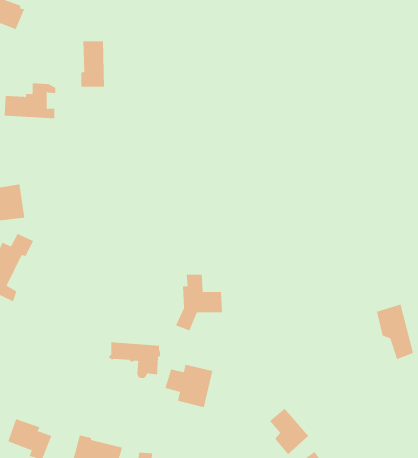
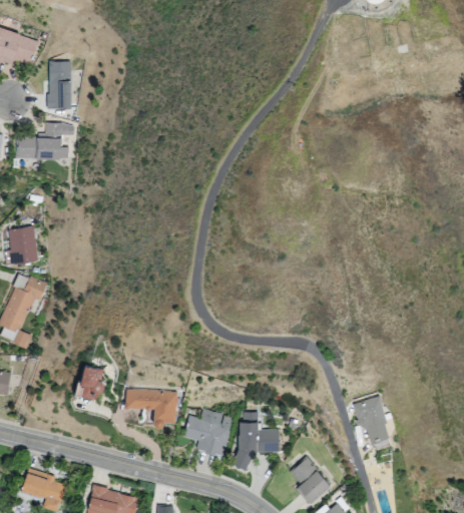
building: [80,41,105,87] -> [47,62,72,110]
building: [175,274,223,331] -> [233,412,282,471]
building: [376,304,414,360] -> [350,395,389,453]
building: none -> [75,365,104,399]

